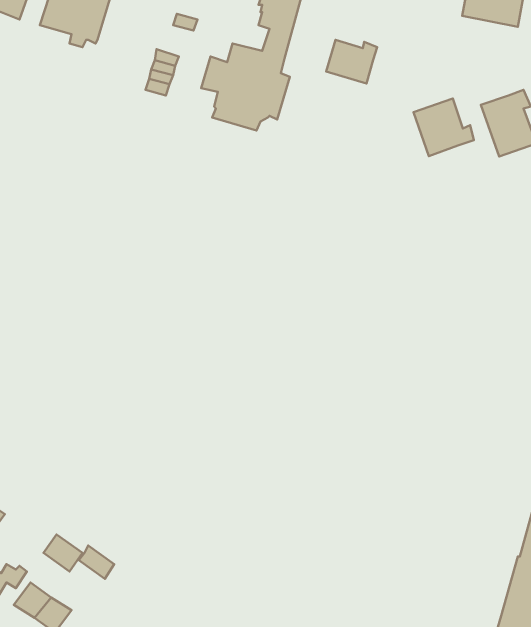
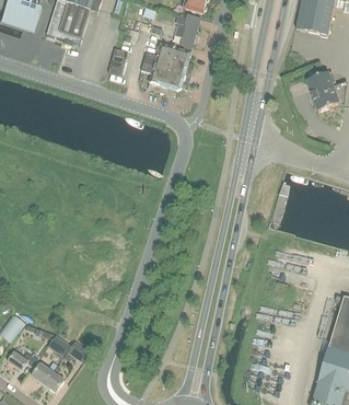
building: [326,40,377,84] -> none
building: [414,98,474,156] -> none

